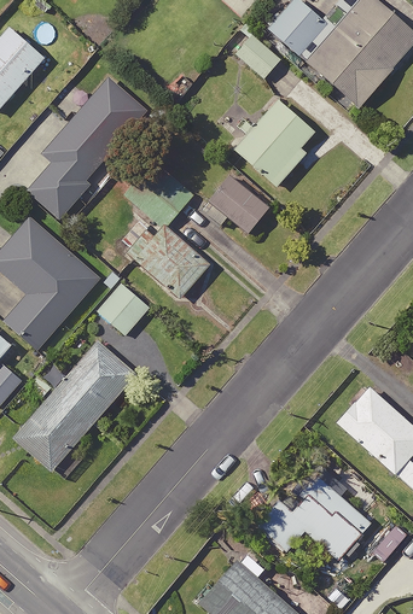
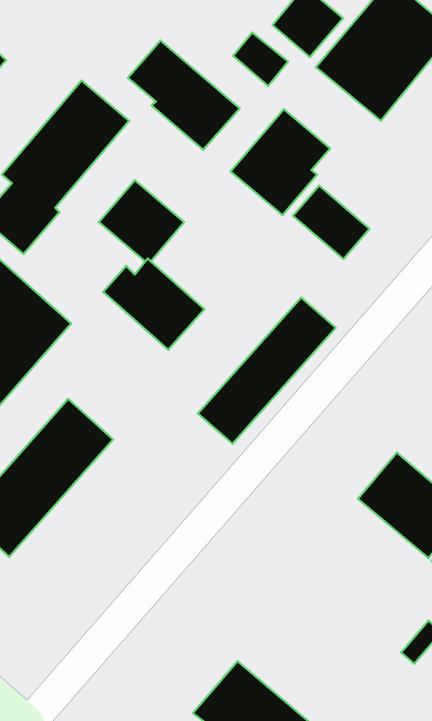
building: none -> [128,40,240,150]
building: [208,175,272,236] -> [293,185,370,259]
building: none -> [198,298,336,444]
building: [97,281,151,334] -> none
building: [258,492,363,560] -> none

